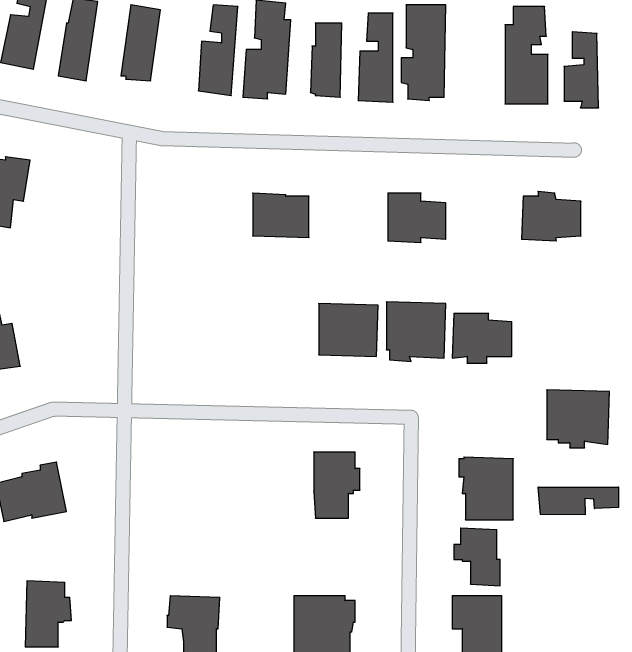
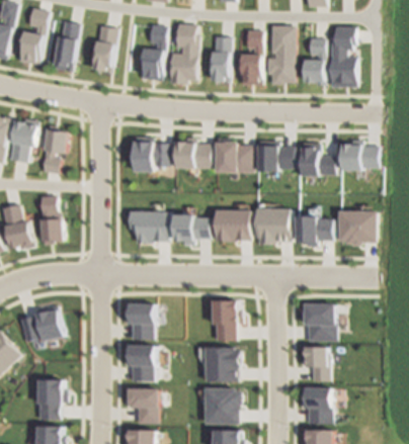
building: [564,32,599,108] -> [304,37,325,84]
building: none -> [42,124,68,174]
building: none -> [133,137,169,171]
building: none -> [215,138,253,172]
building: none -> [300,143,334,176]
building: none -> [39,195,62,244]
building: none -> [128,210,167,244]
building: none -> [174,212,210,245]
building: [547,390,609,448] -> [339,209,378,245]
building: none -> [122,302,153,340]
building: [538,487,619,515] -> none
building: none -> [121,344,152,381]
building: none -> [201,346,238,381]

